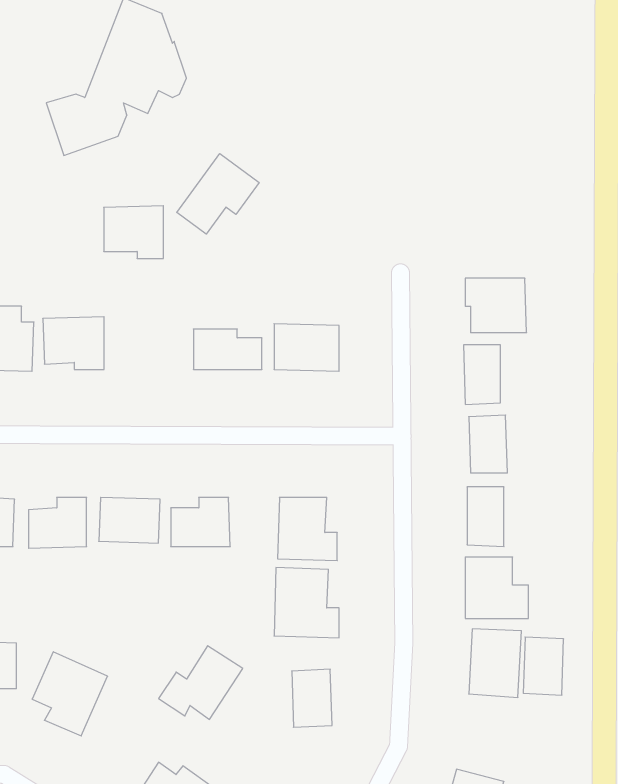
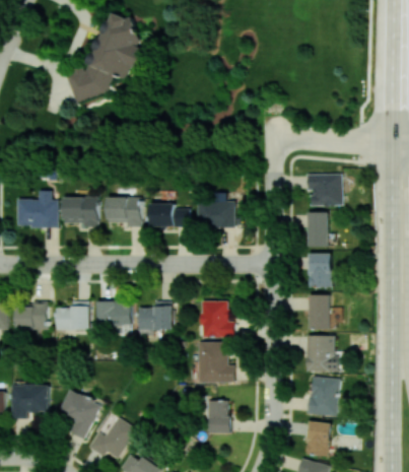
building: [177,154,259,234] -> none
building: [104,206,163,258] -> [108,197,142,227]
building: [523,637,564,695] -> [308,422,331,456]
building: [159,646,243,719] -> [88,417,137,460]

